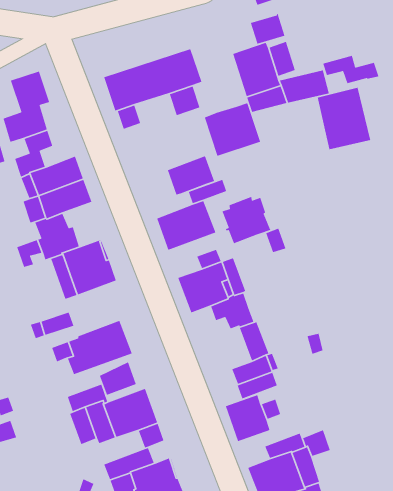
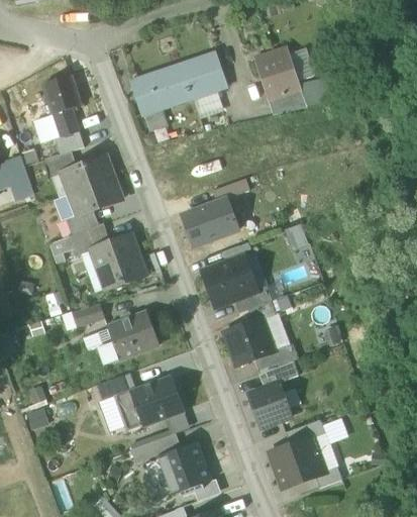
building: [250,13,286,45] -> none
building: [322,55,380,84] -> none
building: [317,87,371,150] -> none
building: [204,102,261,157] -> none
building: [167,155,215,196] -> none
building: [222,196,273,244] -> none
building: none -> [224,317,273,364]
building: [99,361,137,396] -> none

